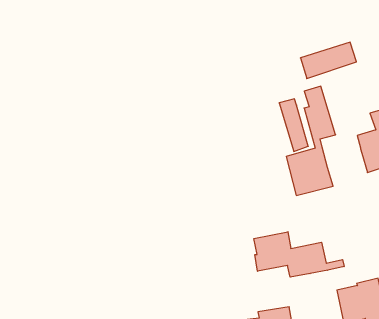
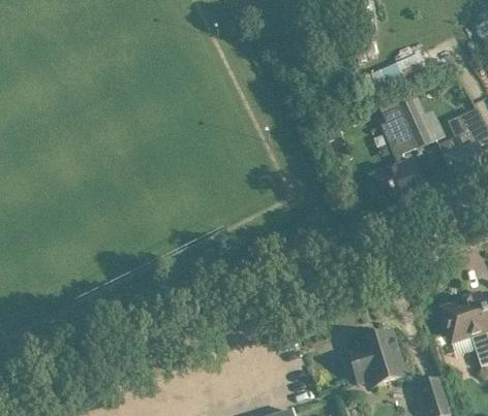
building: [279,99,308,151] -> [395,93,431,148]
building: [254,232,344,277] -> none

